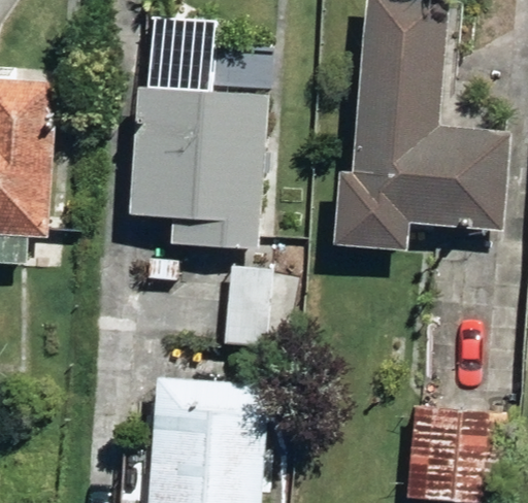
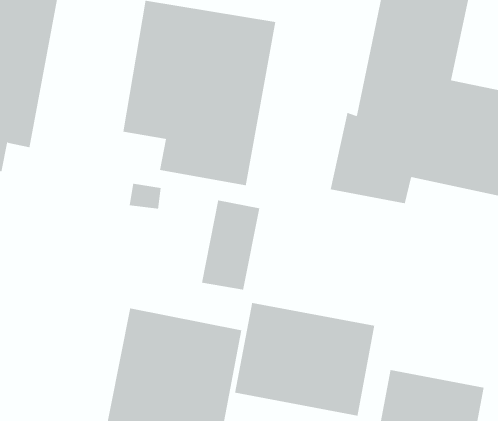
building: none -> [235,302,375,417]

